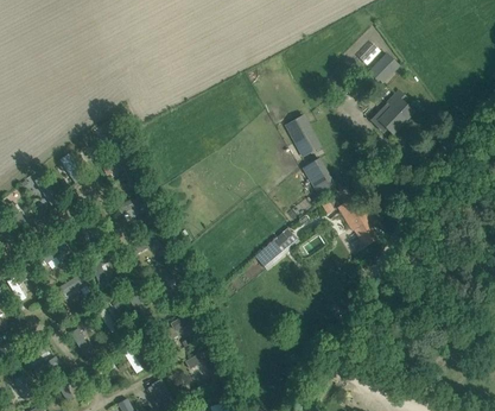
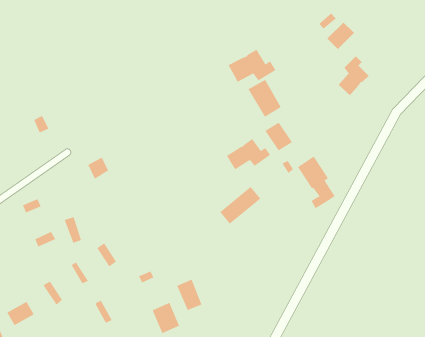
building: none -> [228,49,276,83]
building: none -> [226,138,271,170]
building: none -> [177,279,202,311]

